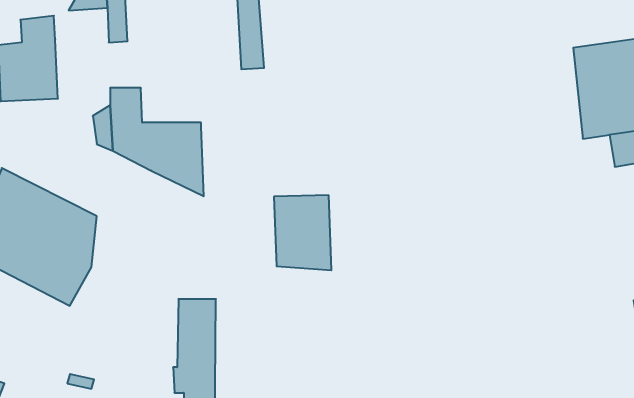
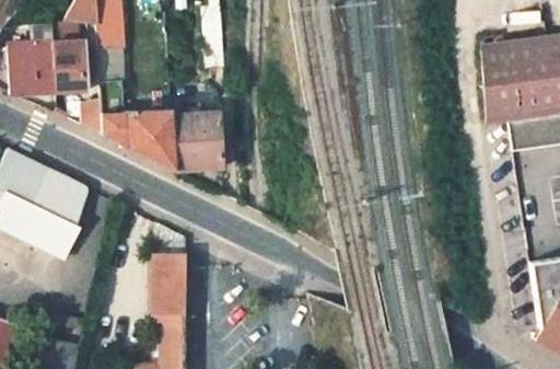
building: none -> [55,41,85,91]
building: [274,195,331,270] -> [174,113,221,174]

